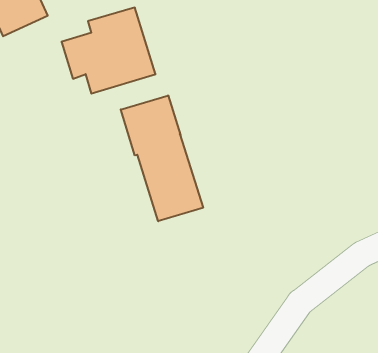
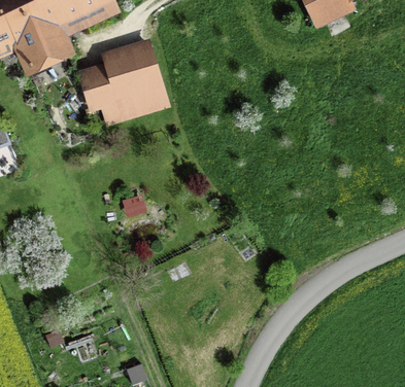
building: [121,95,203,221] -> none

